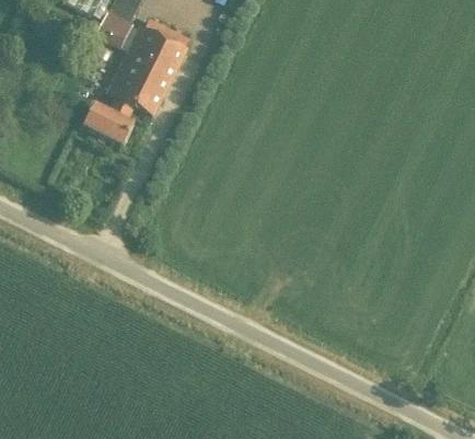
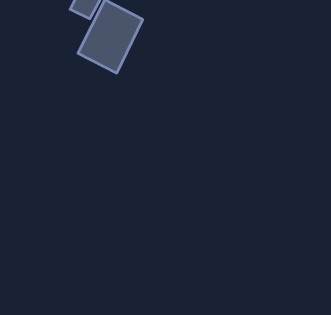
building: [84,99,136,140] -> none

